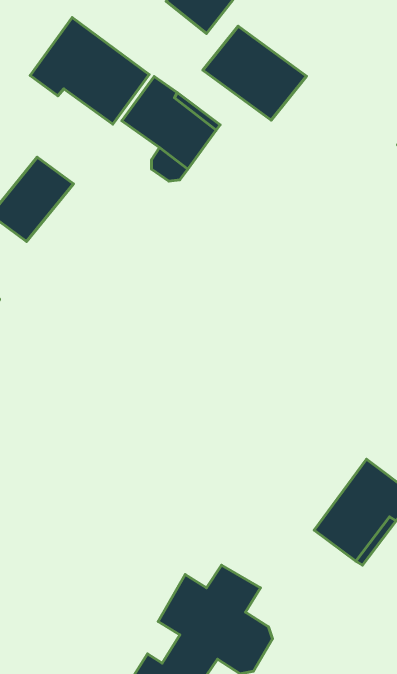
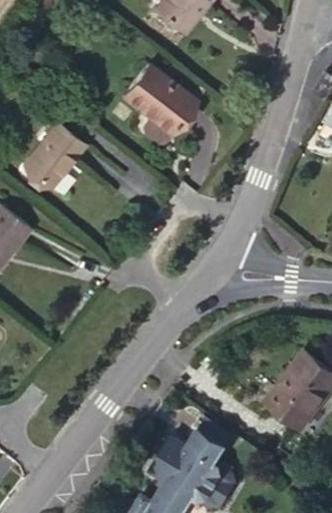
building: [30,18,149,124] -> none
building: [203,26,306,120] -> none

